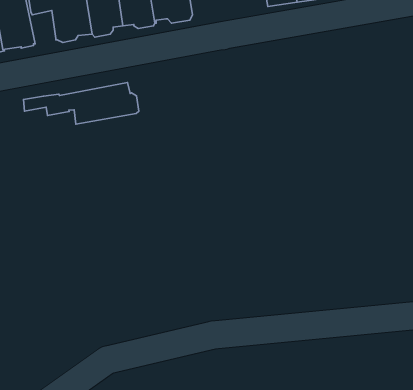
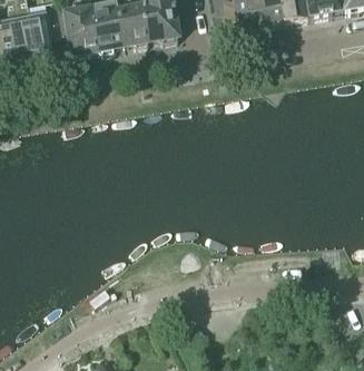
building: [23,82,139,124] -> none

